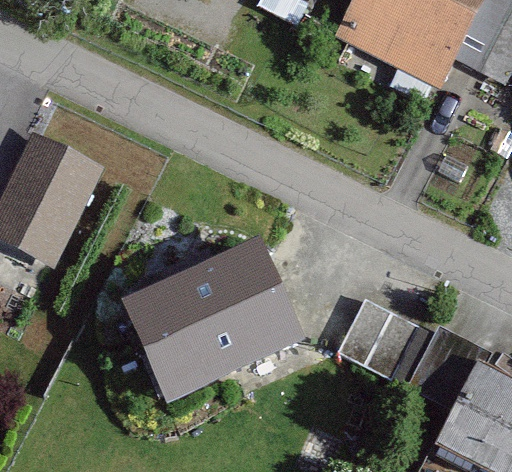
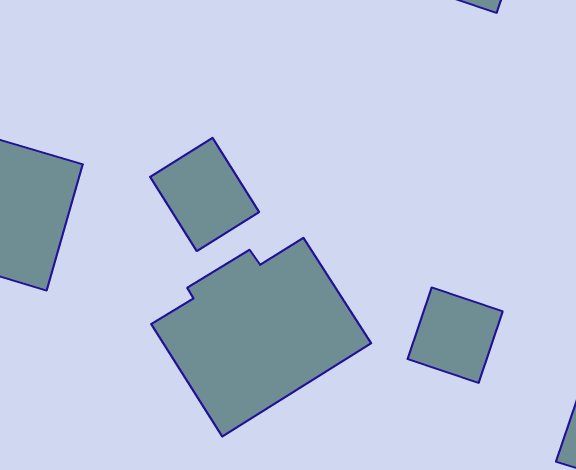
building: none -> [150,138,259,251]

